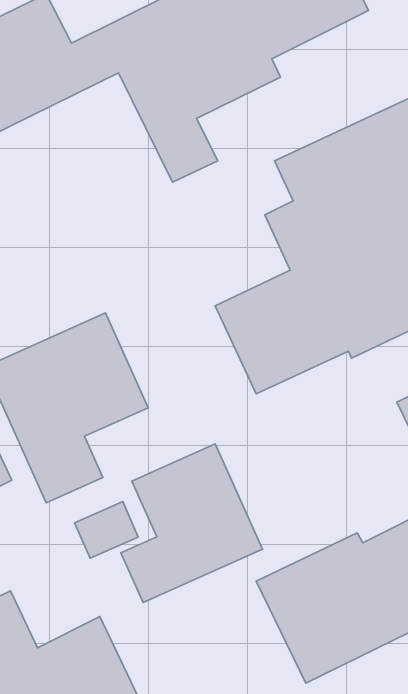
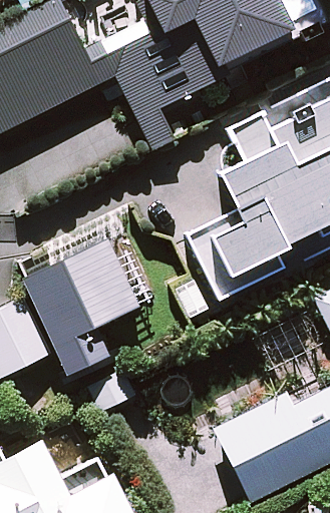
building: [121,444,262,603] -> none

